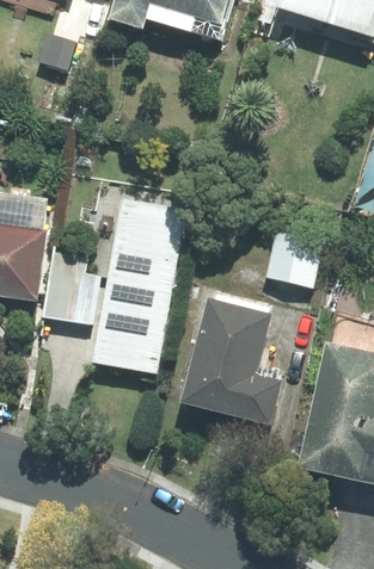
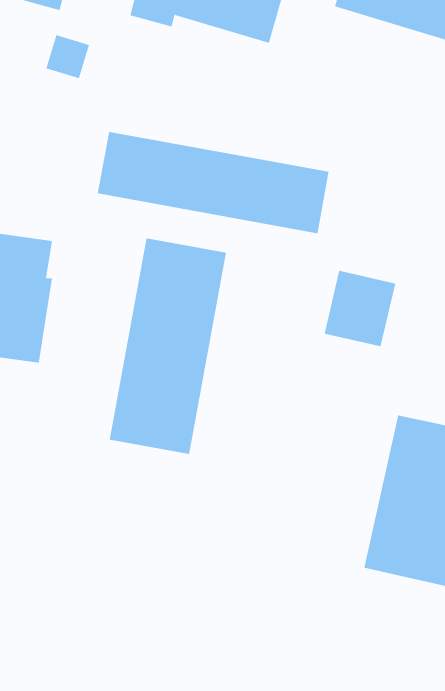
building: none -> [97,131,329,234]
building: [44,249,102,326] -> none
building: [180,298,280,423] -> none

